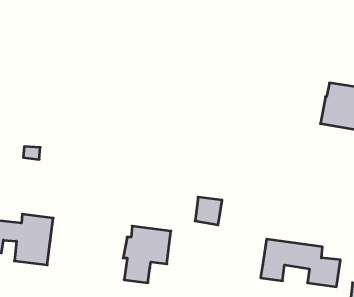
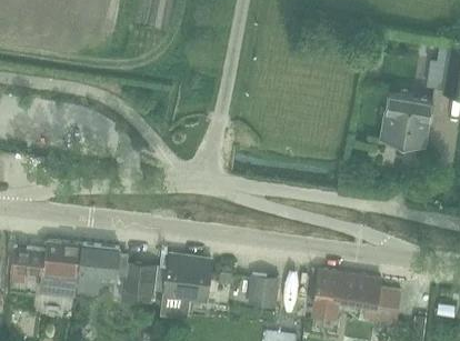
building: [195,197,222,225] -> [249,278,279,309]
building: none -> [77,247,163,295]

